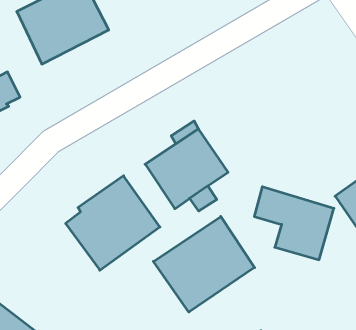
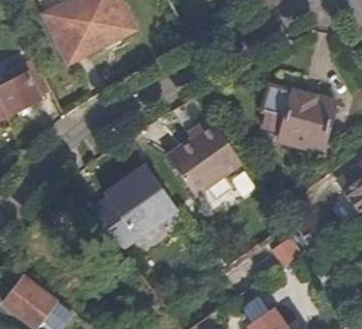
building: [254,187,334,260] -> [261,83,334,149]
building: [153,216,255,312] -> none

